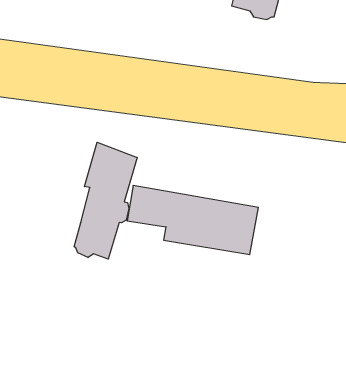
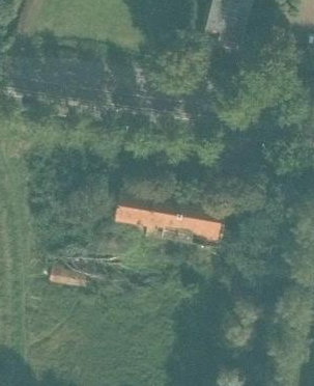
building: [74,142,137,259] -> none

